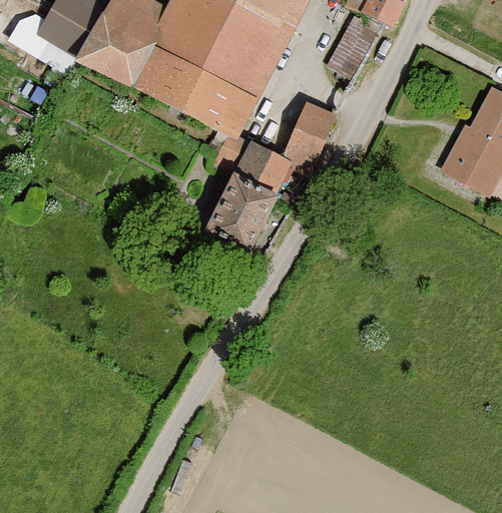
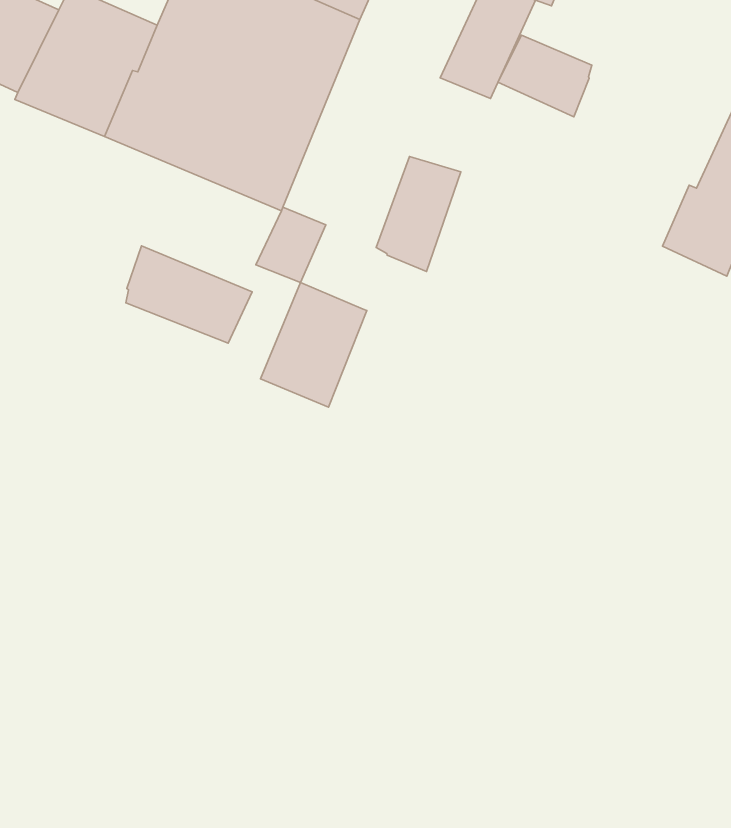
building: none -> [498,35,592,117]
building: [237,143,289,193] -> none
building: none -> [126,246,252,343]

